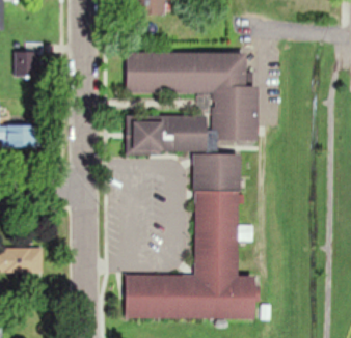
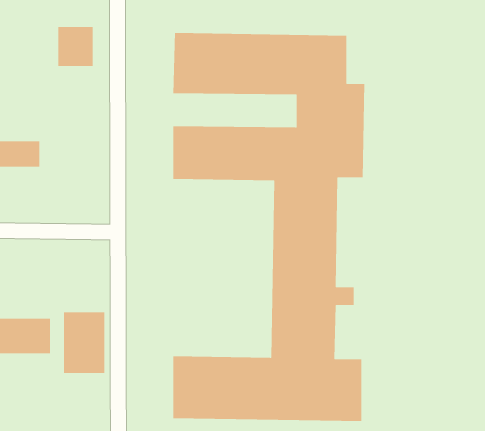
building: [15,49,39,77] -> [57,26,93,67]
building: none -> [63,312,105,374]

